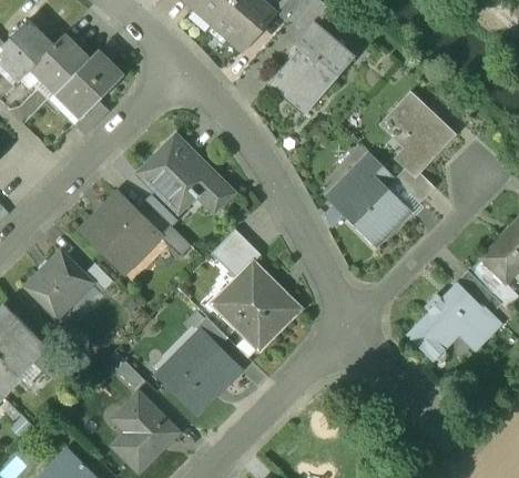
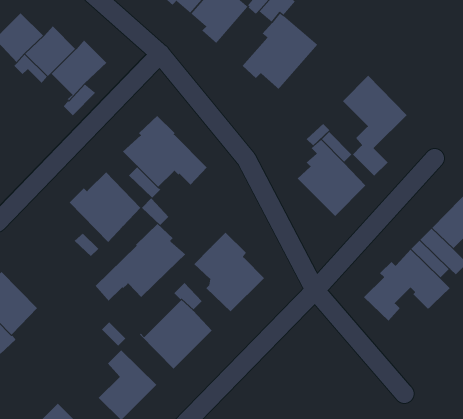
building: [211,228,261,278] -> none
building: [26,251,93,319] -> none
building: none -> [95,223,186,301]

